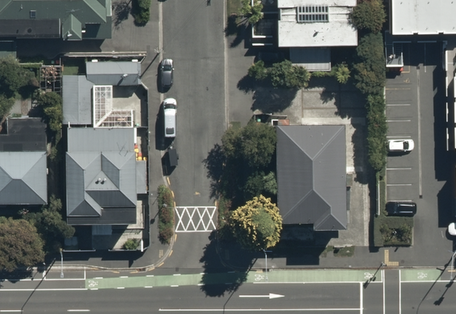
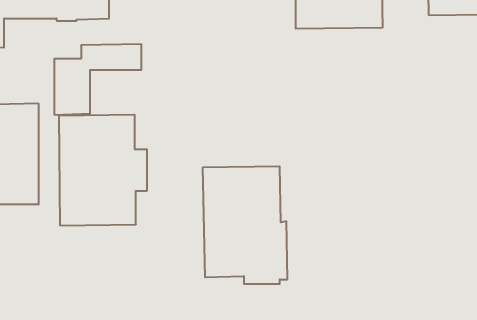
building: [273,123,349,228] -> [203,166,287,284]

